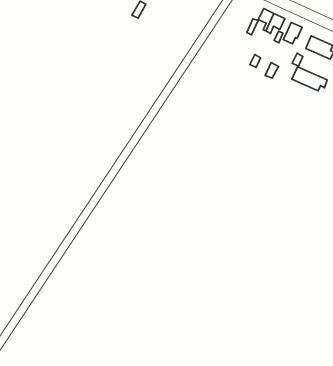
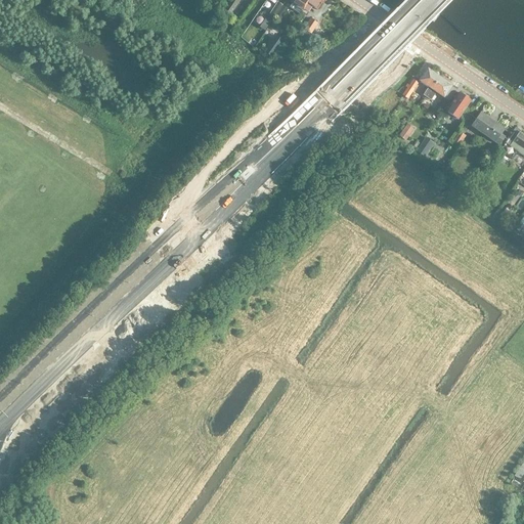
building: [292,67,327,91] -> none

